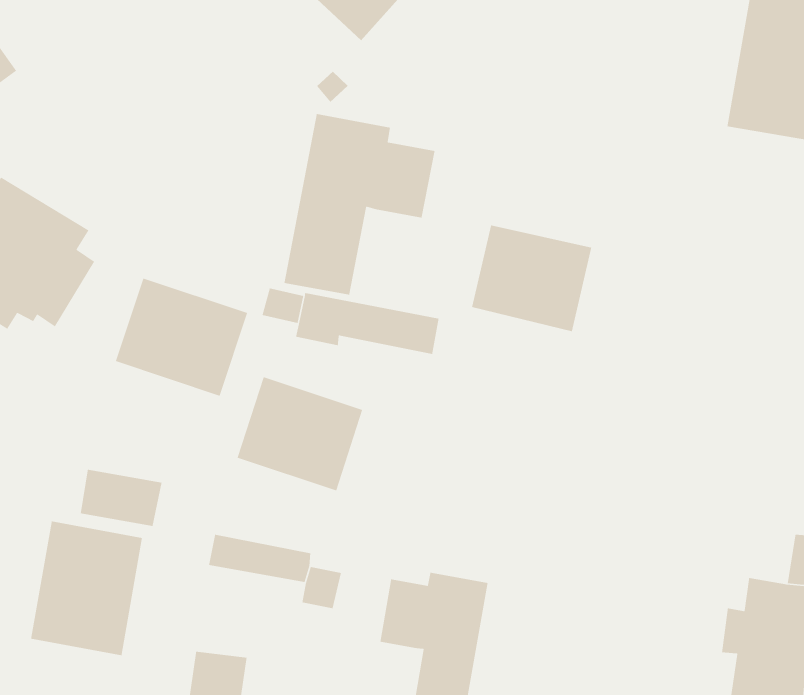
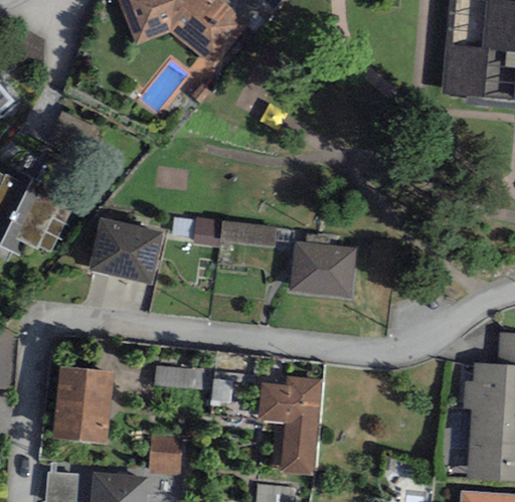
building: [284,113,436,295] -> none
building: [471,225,592,332] -> [289,241,357,301]
building: [236,376,363,491] -> none
building: [80,469,162,527] -> none

